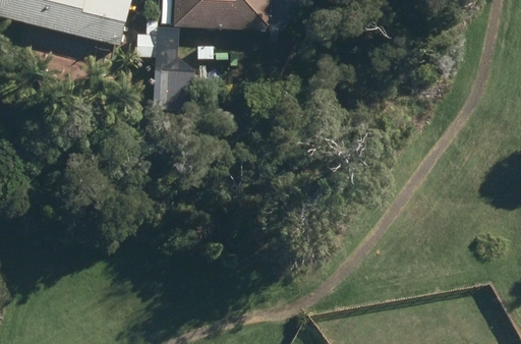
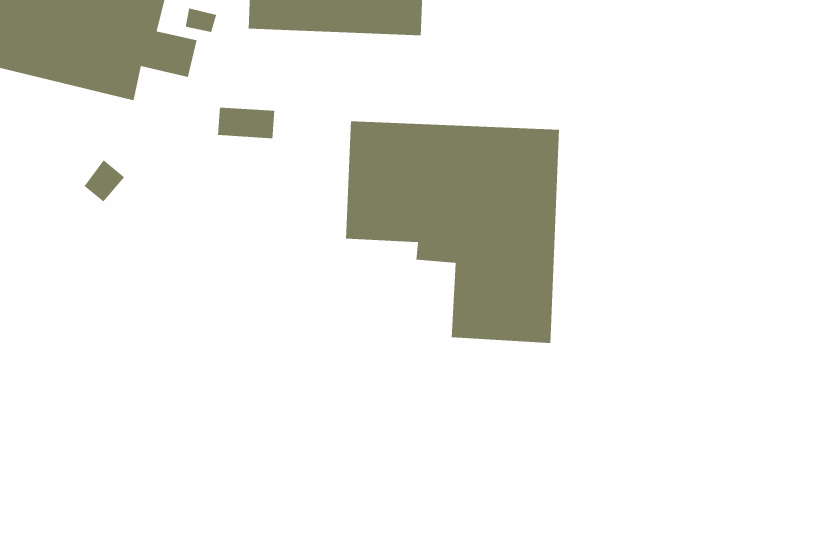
building: none -> [345,121,560,344]

